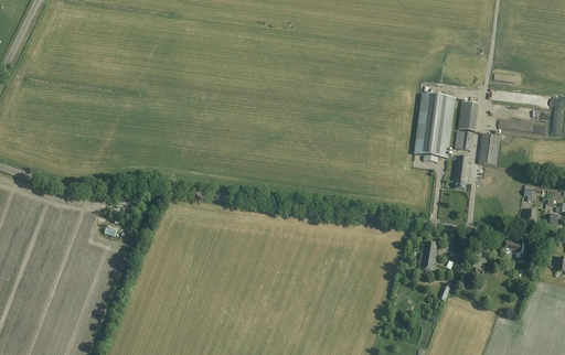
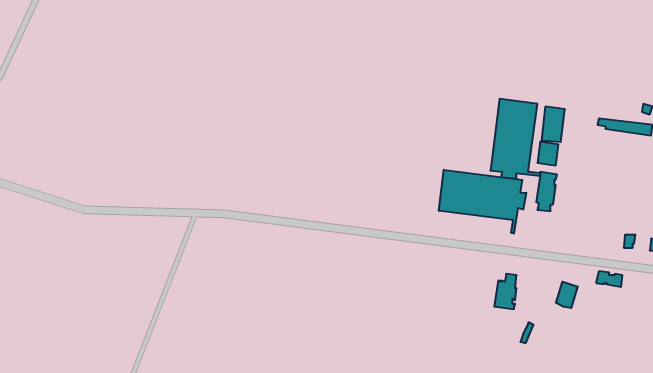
building: [478,131,501,164] -> none
building: none -> [439,170,526,234]

